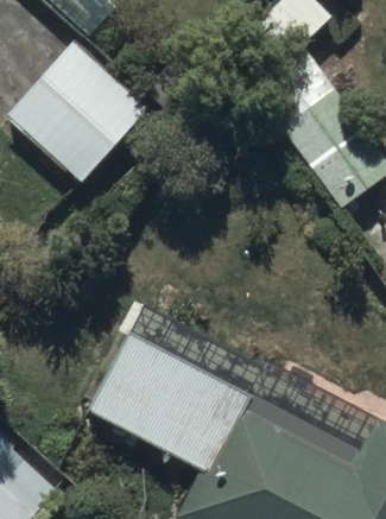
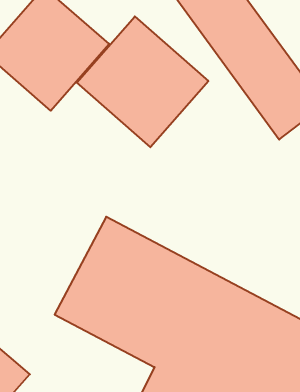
building: none -> [77,16,208,147]

